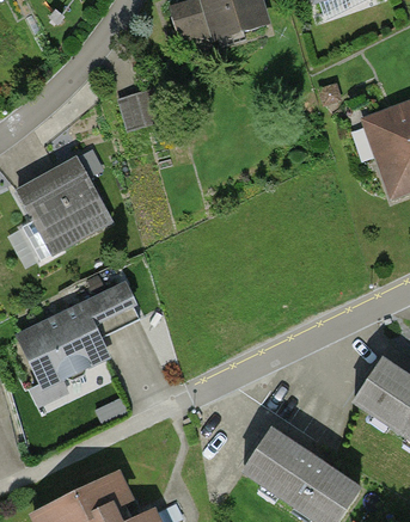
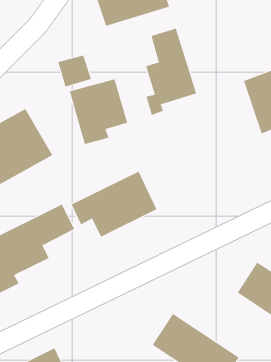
building: none -> [146,28,197,116]
building: none -> [69,79,128,145]
building: none -> [71,171,157,237]

